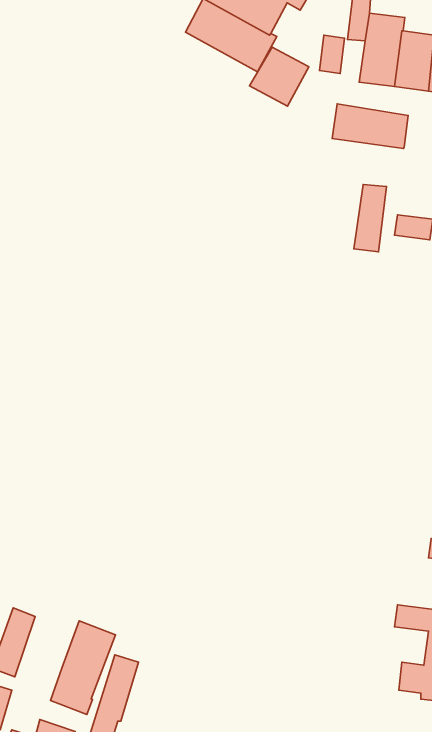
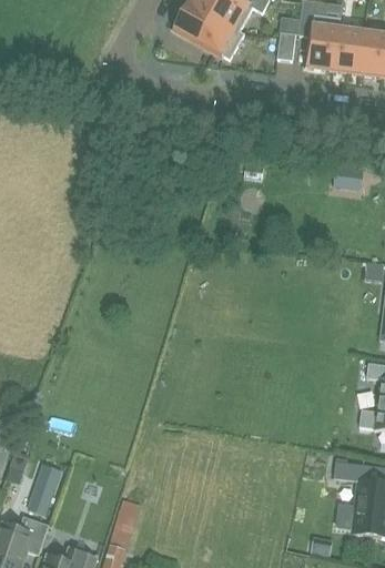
building: [249,47,309,106] -> none
building: [332,104,408,149] -> none
building: [354,184,387,252] -> none
building: [51,621,115,715] -> none

